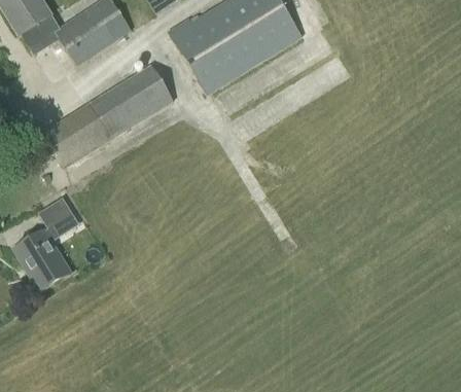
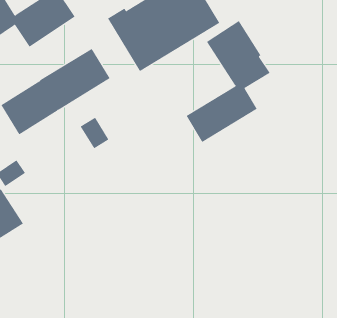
building: none -> [186,20,270,143]
building: none -> [80,117,109,149]

